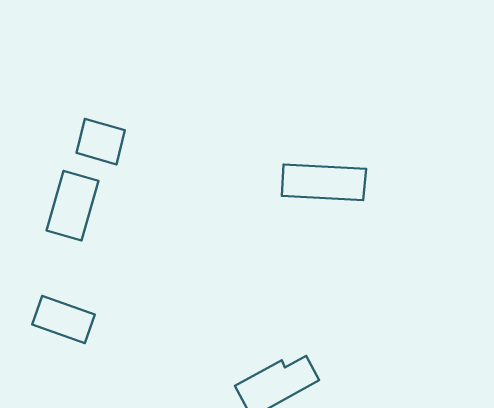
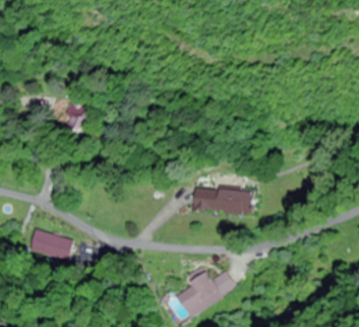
building: [282,165,366,200] -> [193,188,253,213]
building: [47,171,98,240] -> none

